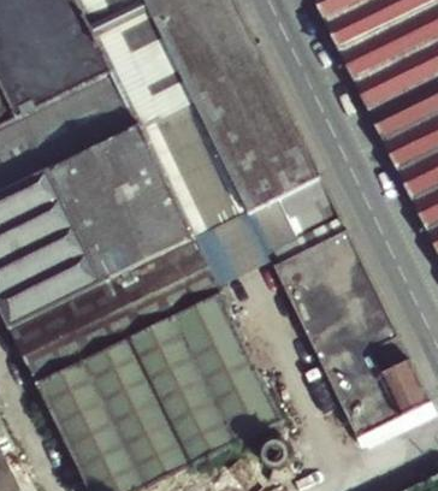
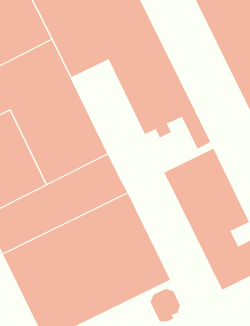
building: [137,99,321,282] -> none

